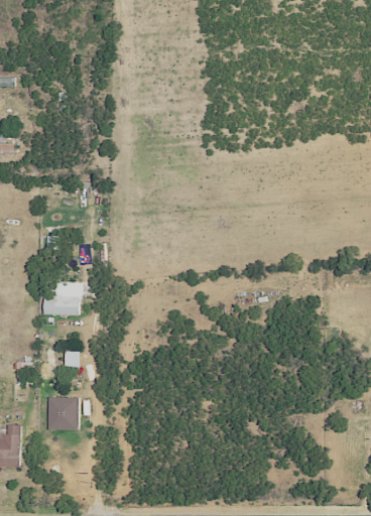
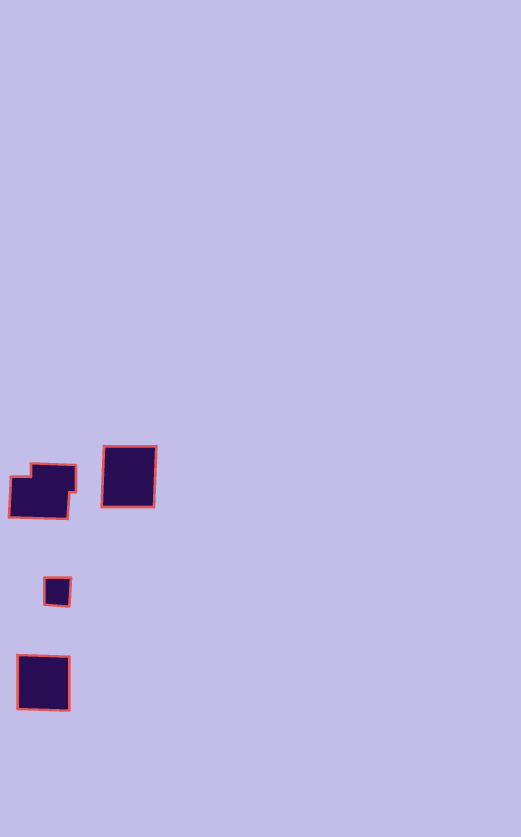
building: none -> [102,446,156,507]

